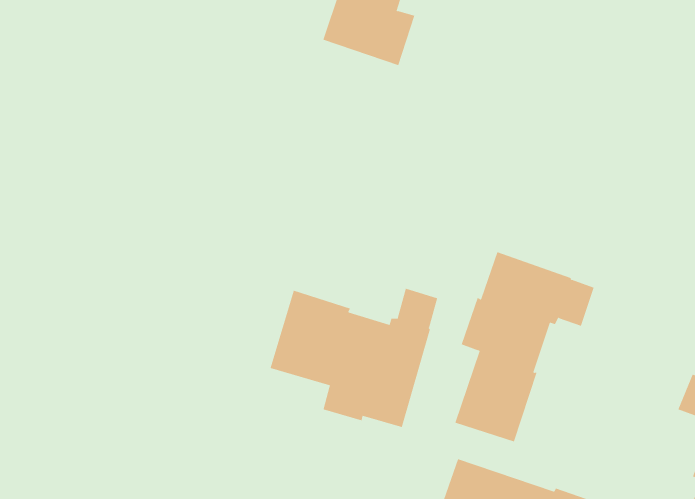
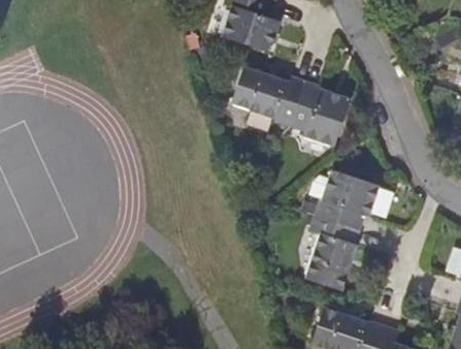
building: none -> [233,65,352,146]
building: [270,288,438,428] -> none

